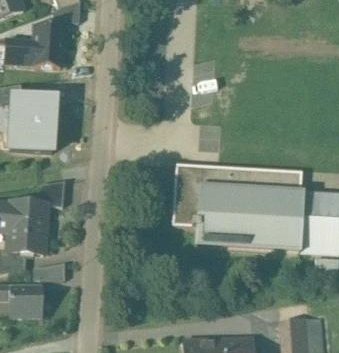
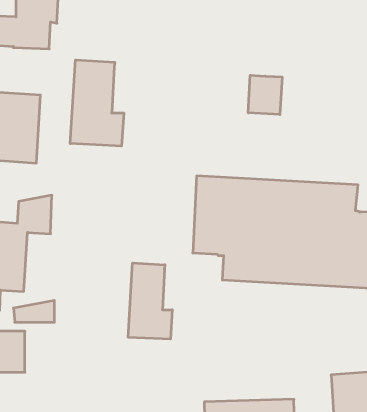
building: none -> [70,60,124,146]
building: none -> [248,75,282,115]
building: none -> [128,263,172,339]

